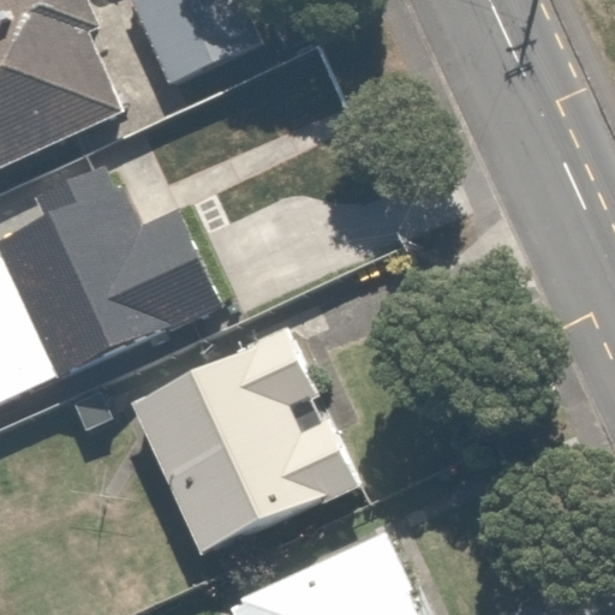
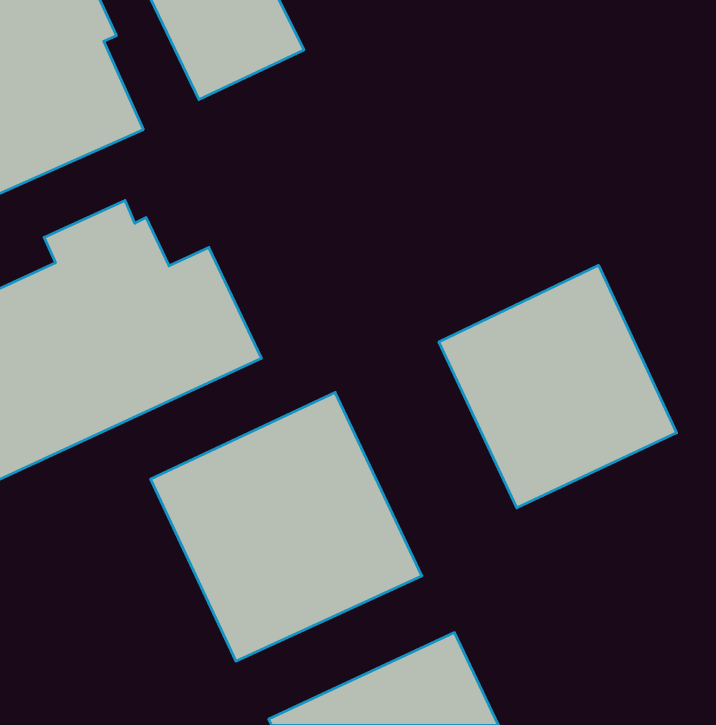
building: none -> [439,265,677,508]

